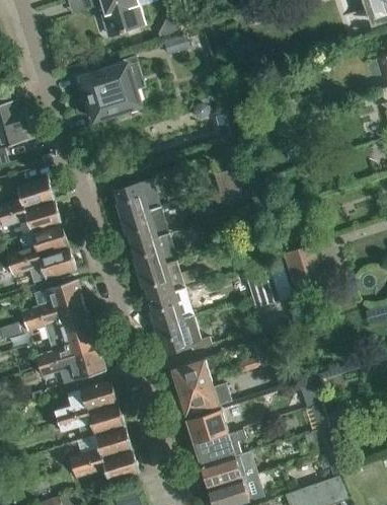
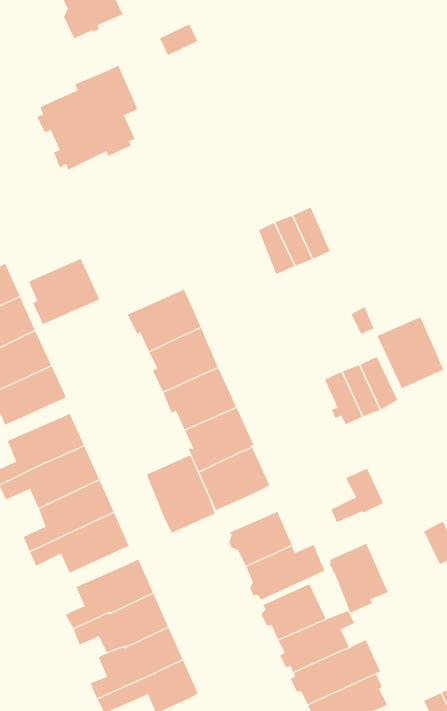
building: [115,179,161,220] -> [28,258,100,325]
building: none -> [146,455,216,533]
building: none -> [328,543,388,613]

